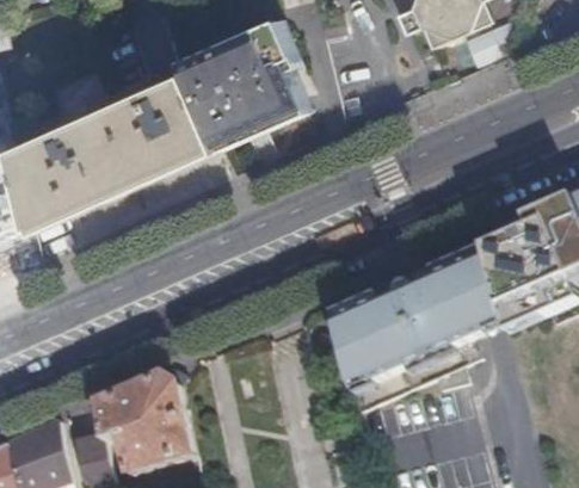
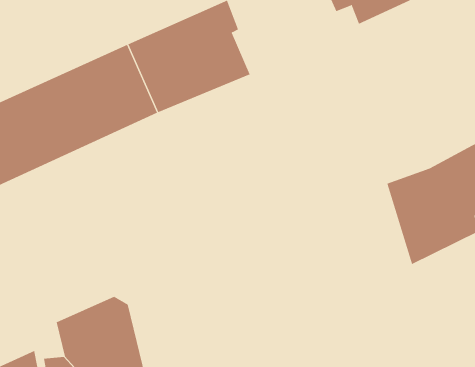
building: [324,248,495,387] -> none

